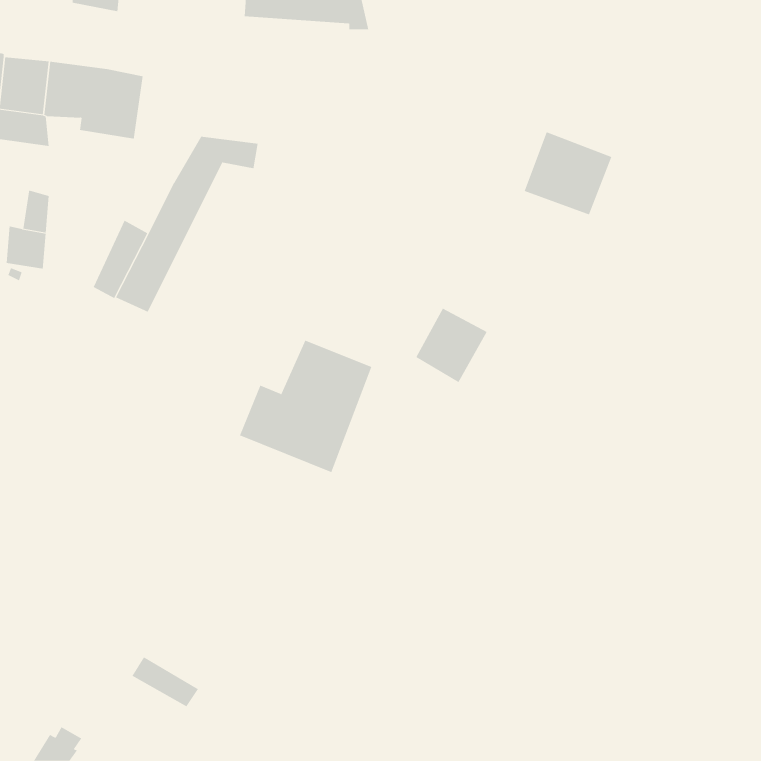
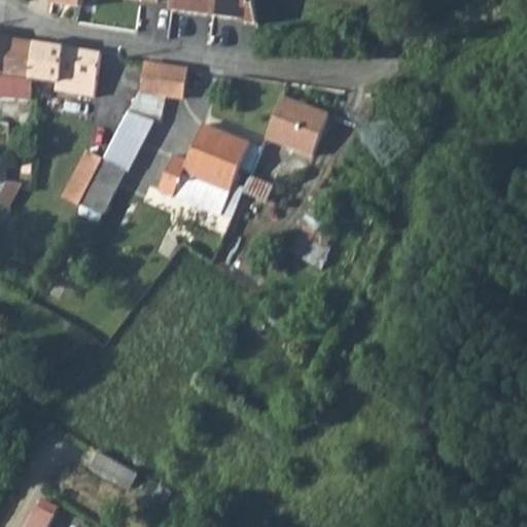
building: none -> [138,63,186,100]
building: [524,131,612,215] -> [265,87,325,145]
building: [239,340,372,473] -> [157,122,249,214]

